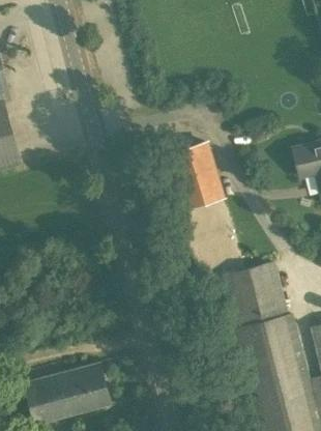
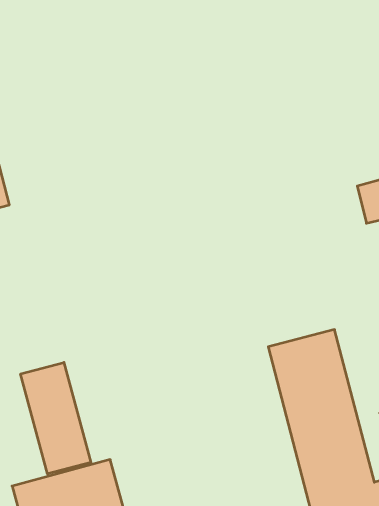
building: [171,143,224,208] -> none
building: none -> [21,362,91,474]

